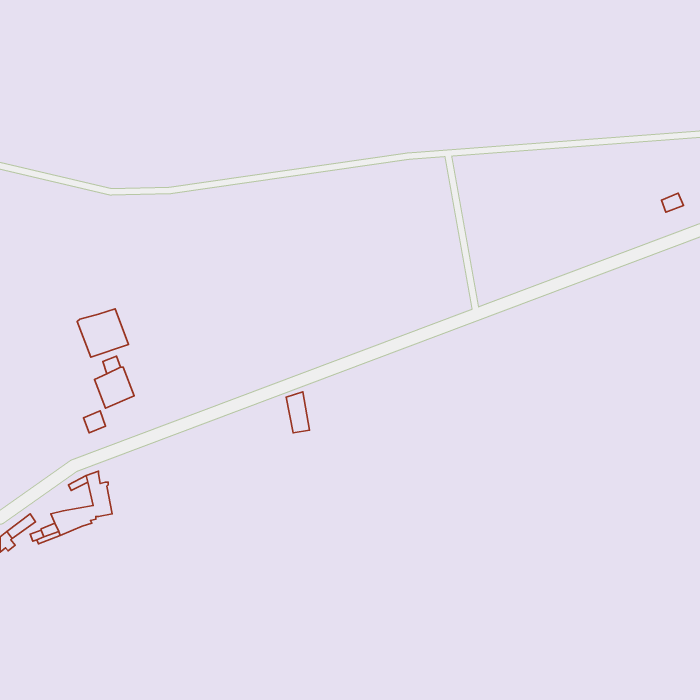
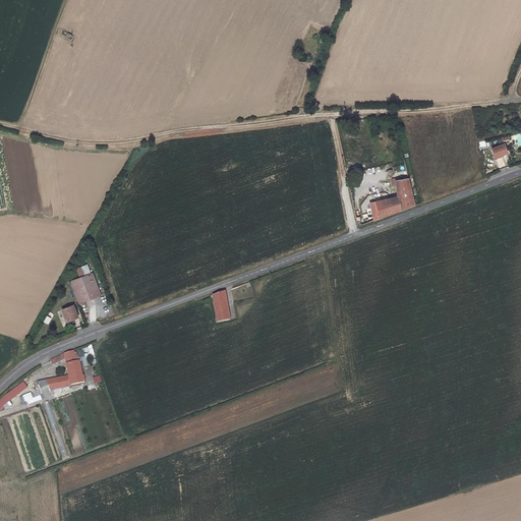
building: none -> [369,178,415,220]
building: [77,309,129,357] -> none

